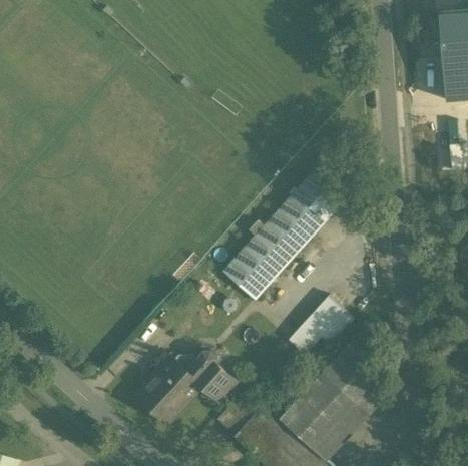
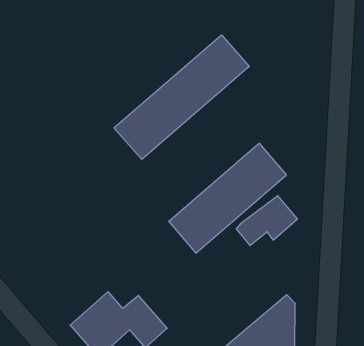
building: none -> [114,35,249,159]
building: [287,298,351,355] -> [236,196,297,246]

